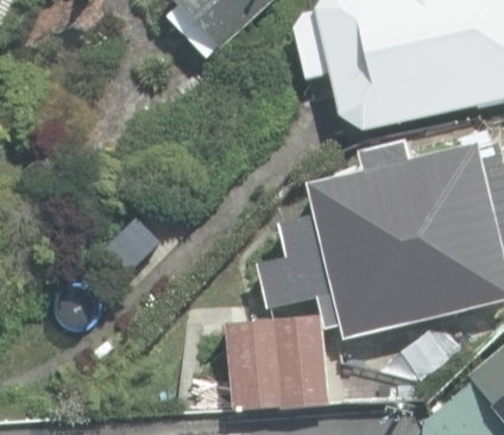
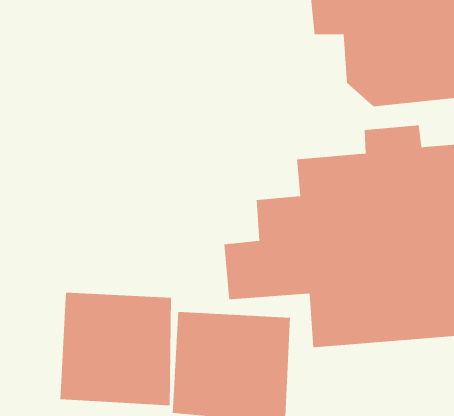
building: none -> [60,292,171,406]

